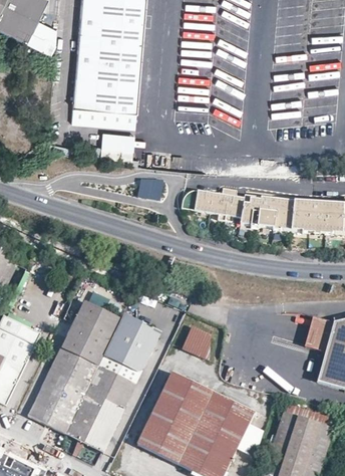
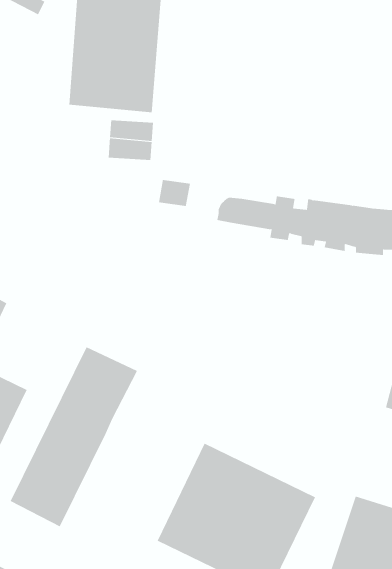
building: [104,312,158,370] -> none
building: [182,326,211,360] -> none
building: [65,365,137,452] -> none

